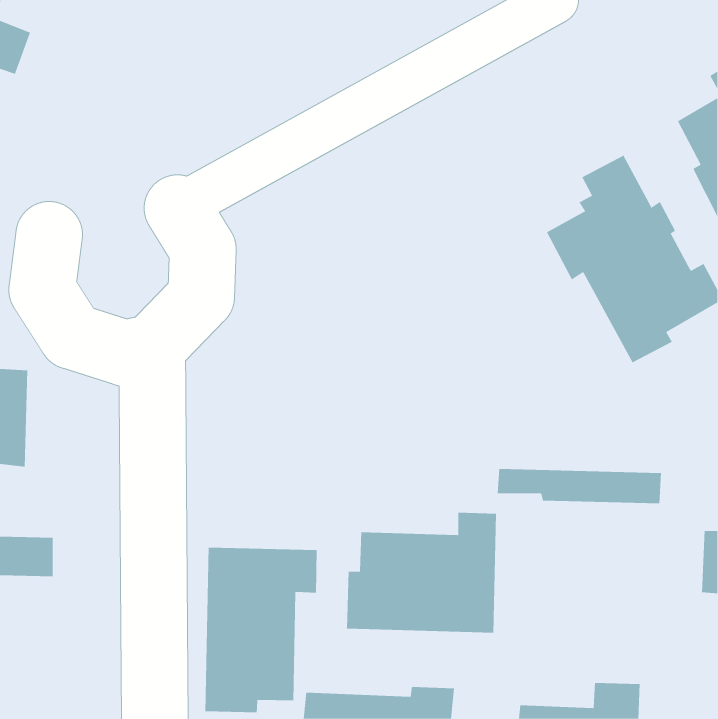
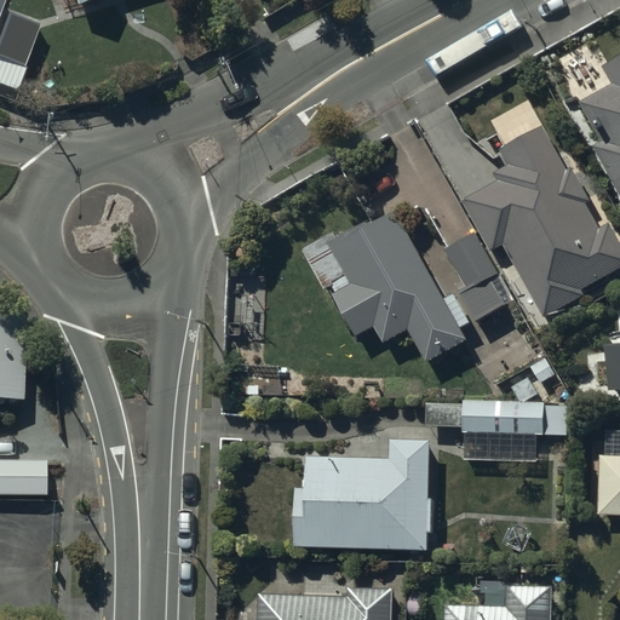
building: none -> [303,218,460,352]
building: none -> [449,234,506,318]
building: [205,547,317,713] -> none

